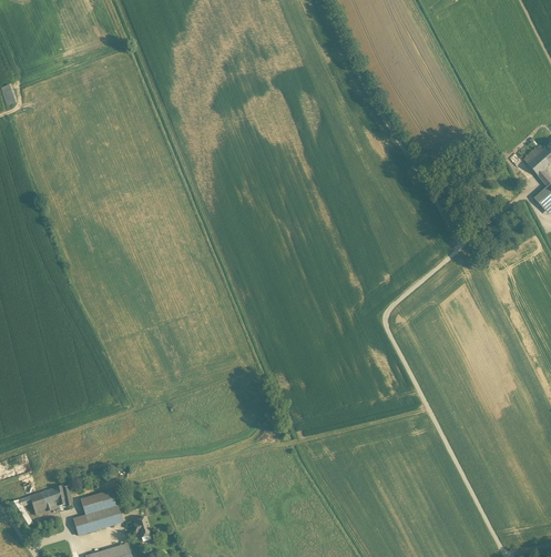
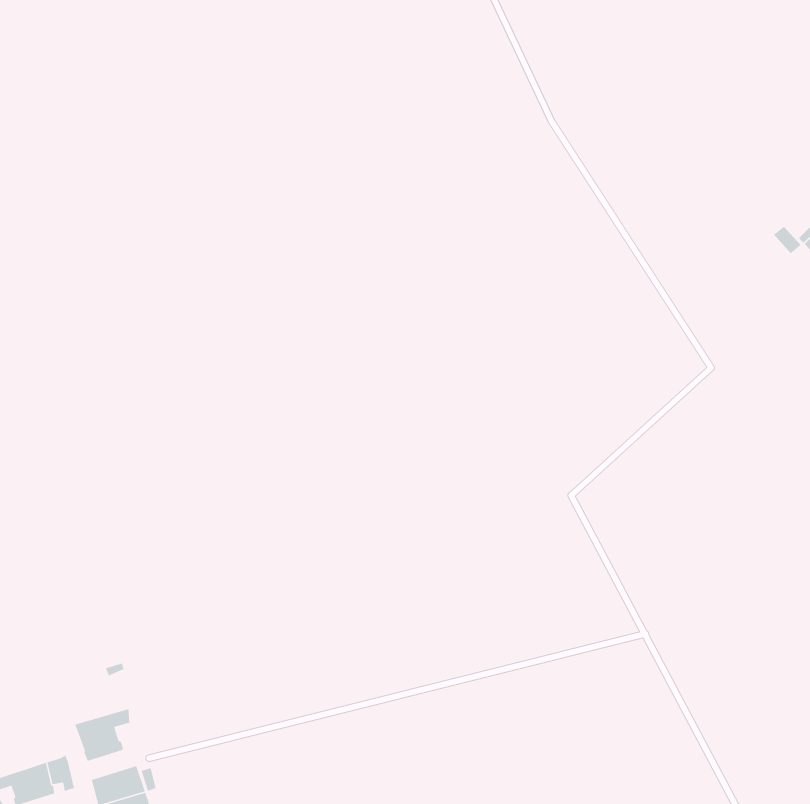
building: none -> [74,708,130,762]

